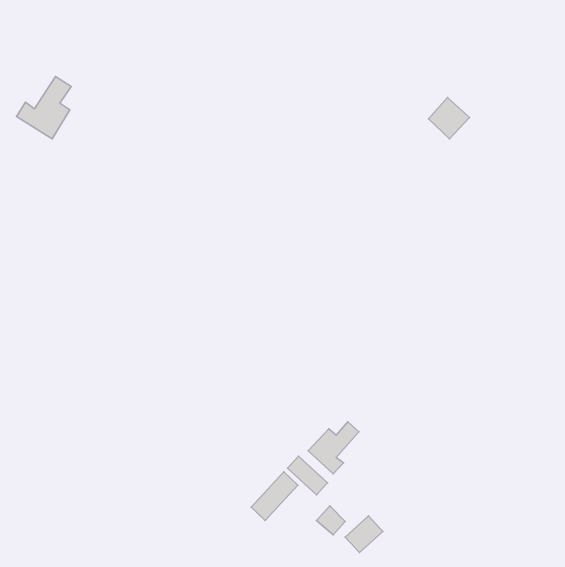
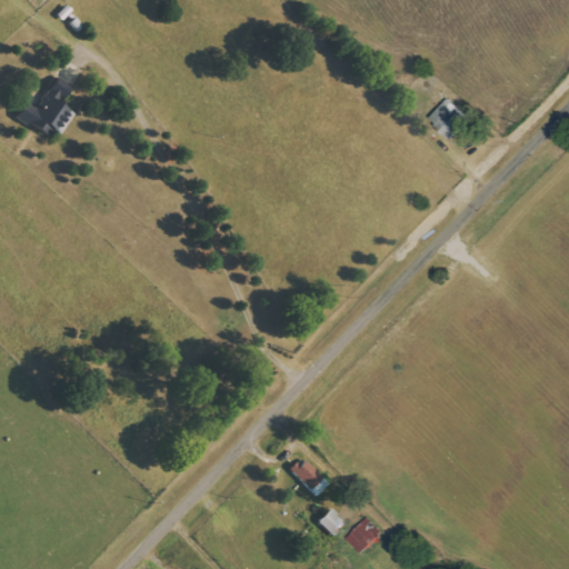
building: [308,422,359,474] -> none
building: [251,472,298,520] -> none

